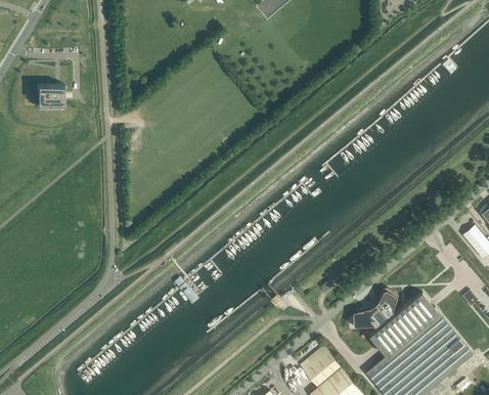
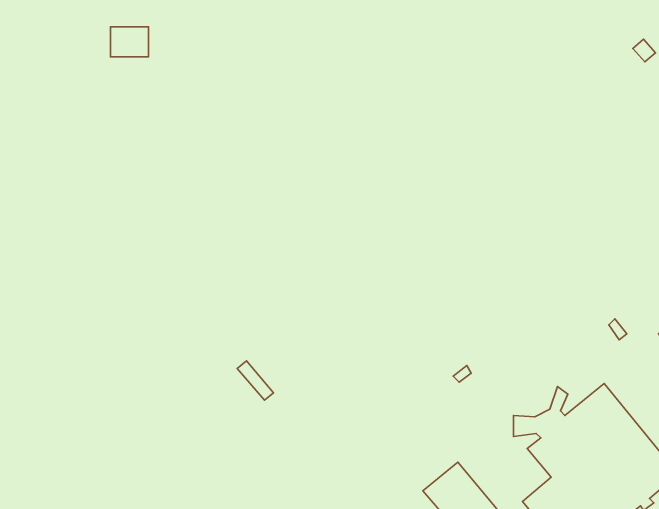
building: [38,85,63,105] -> [111,27,148,57]

